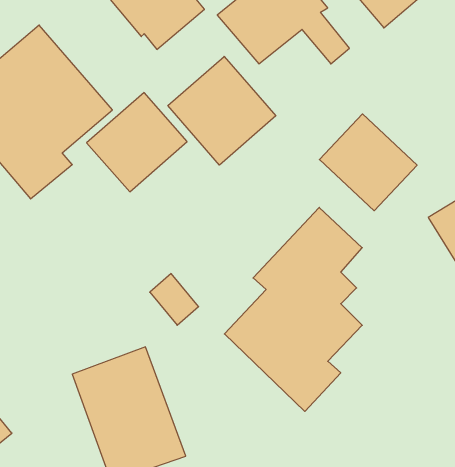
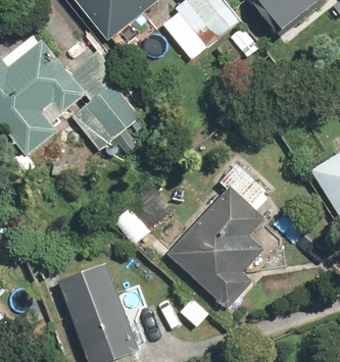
building: [168,56,276,165] -> none
building: [319,114,417,211] -> none

